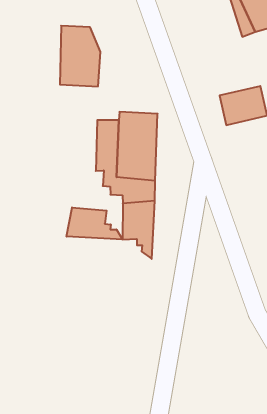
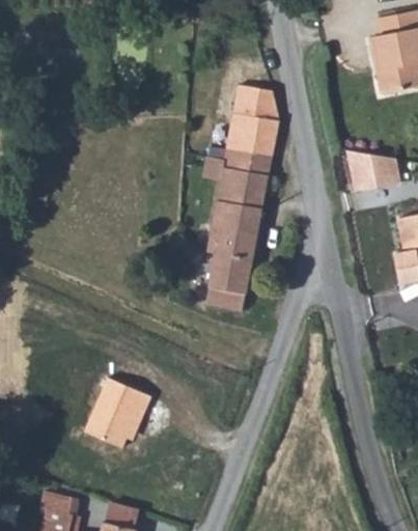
building: [60,26,100,86] -> [226,87,279,164]
building: [67,207,122,239] -> none
building: none -> [82,384,150,458]

